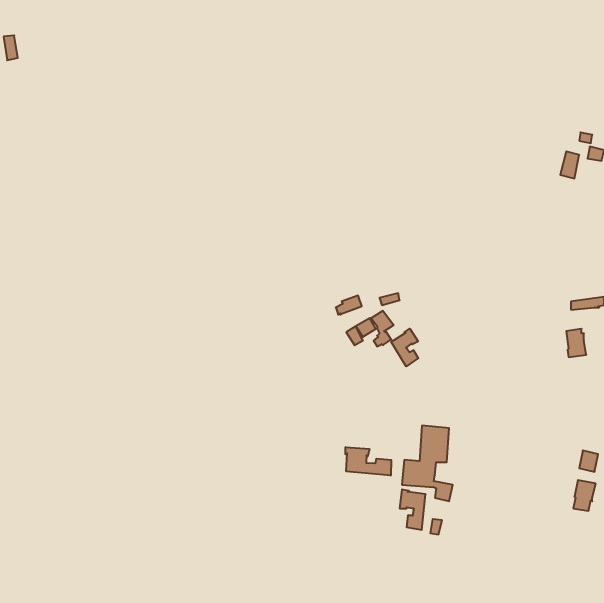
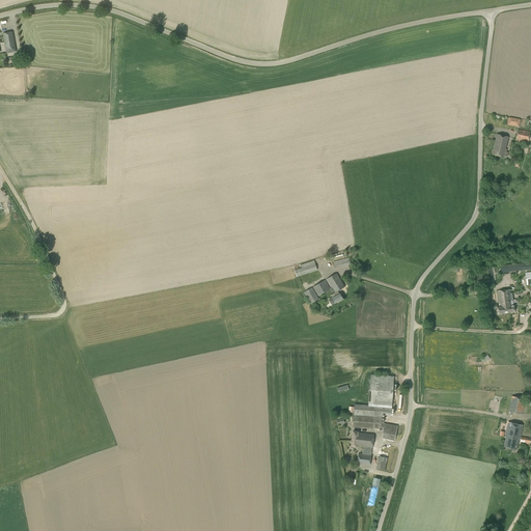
building: [391,329,418,366] -> none
building: [345,447,391,476] -> none

